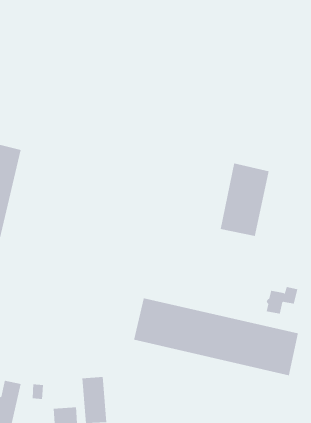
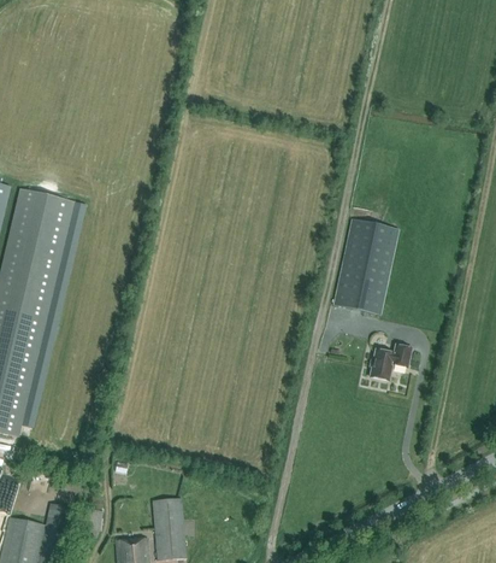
building: [266,287,298,314] -> [368,344,411,380]
building: [133,297,299,376] -> none

